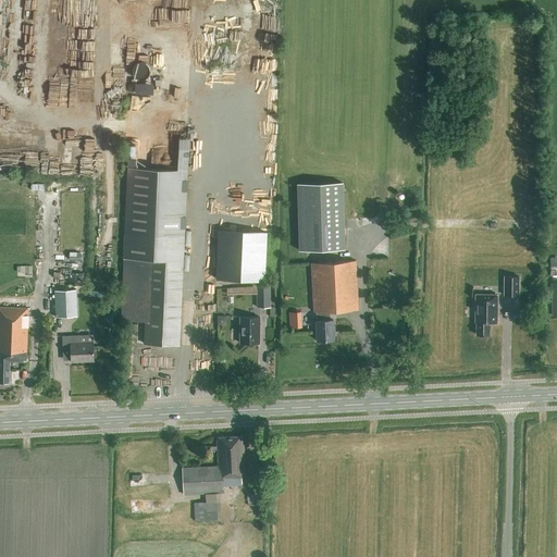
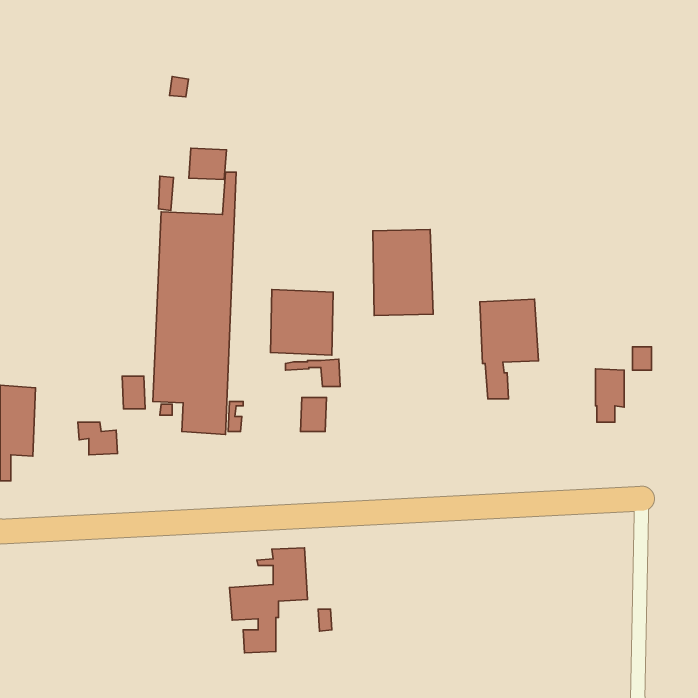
building: none -> [189,148,227,179]
building: [311,261,358,341] -> [480,299,538,399]
building: [54,290,73,317] -> [122,376,145,409]

